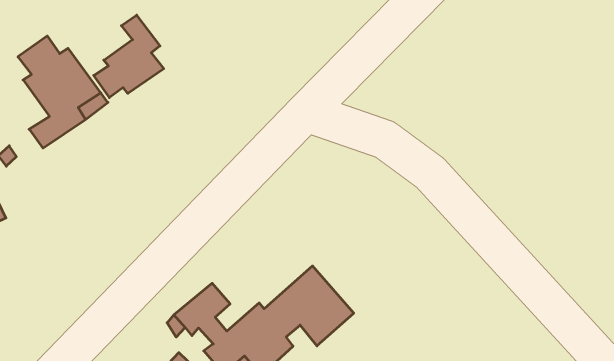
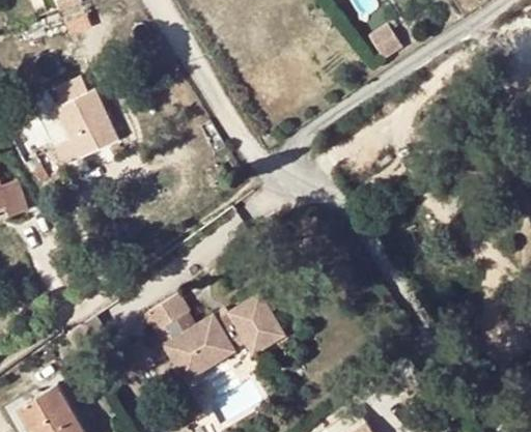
building: [94,15,164,98] -> none

